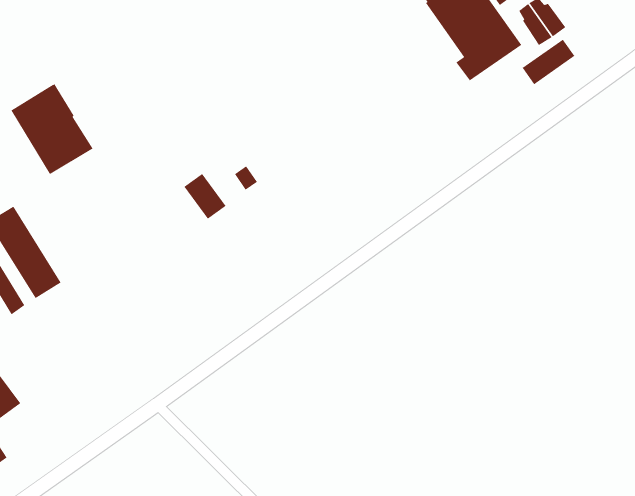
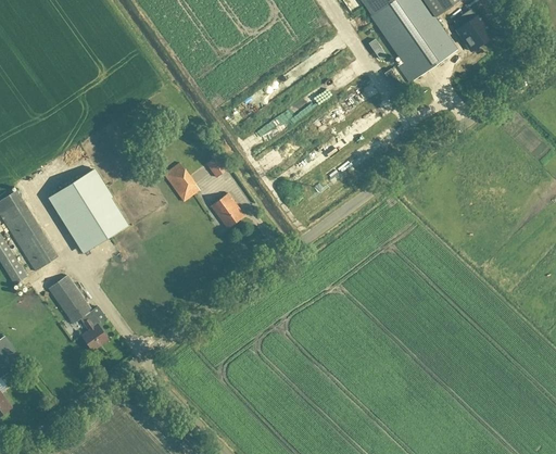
building: [522,39,575,85] -> none
building: [10,83,94,175] -> [55,168,127,248]
building: none -> [210,193,243,228]
building: none -> [47,275,106,350]

